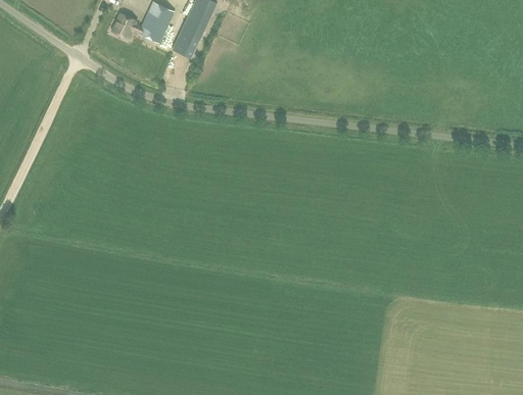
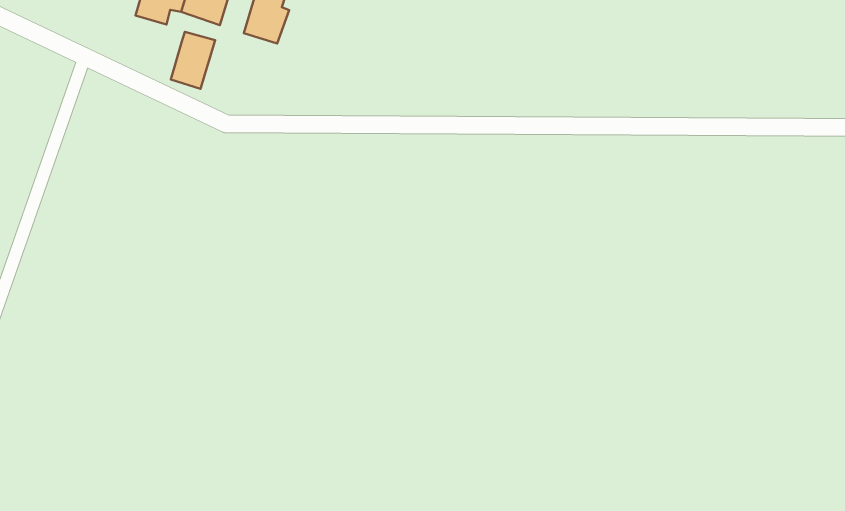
building: none -> [171,32,215,89]

